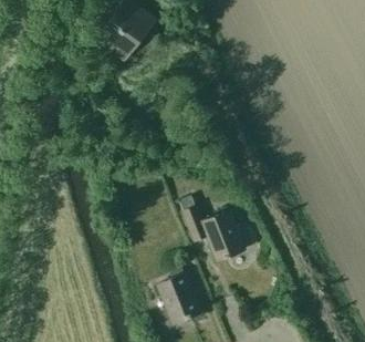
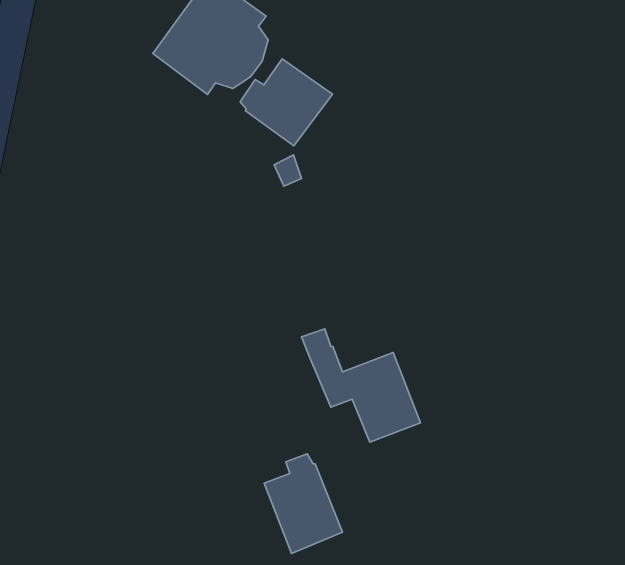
building: none -> [240,59,332,146]

